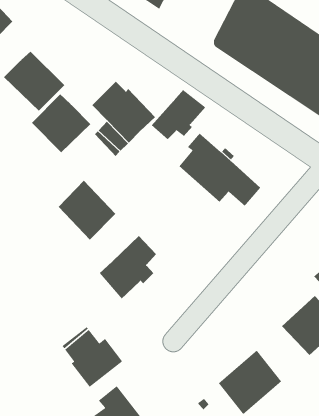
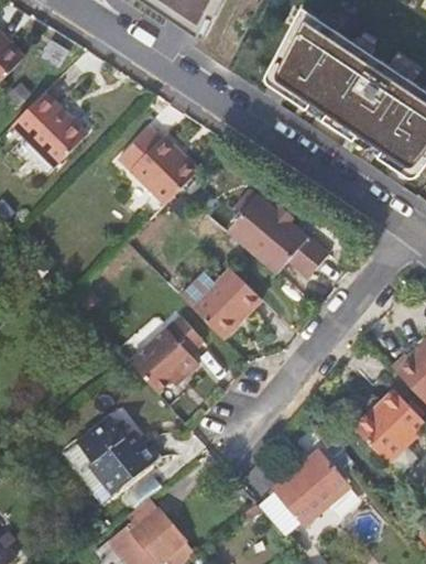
building: [151,89,206,140] -> none
building: [31,94,91,153] -> none
building: [58,180,116,240] -> none
building: none -> [189,264,256,333]

